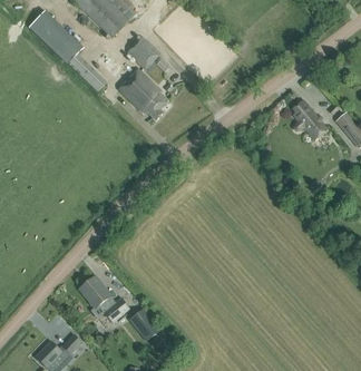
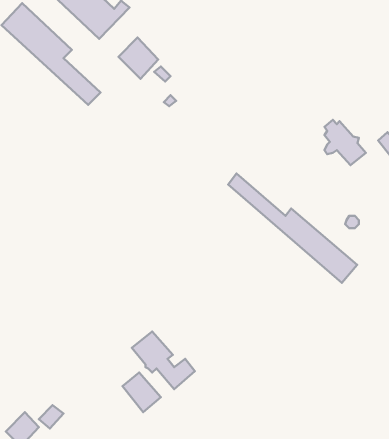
building: [117,69,167,120] -> none
building: none -> [228,174,357,283]
building: [77,276,128,323] -> [132,331,195,389]

